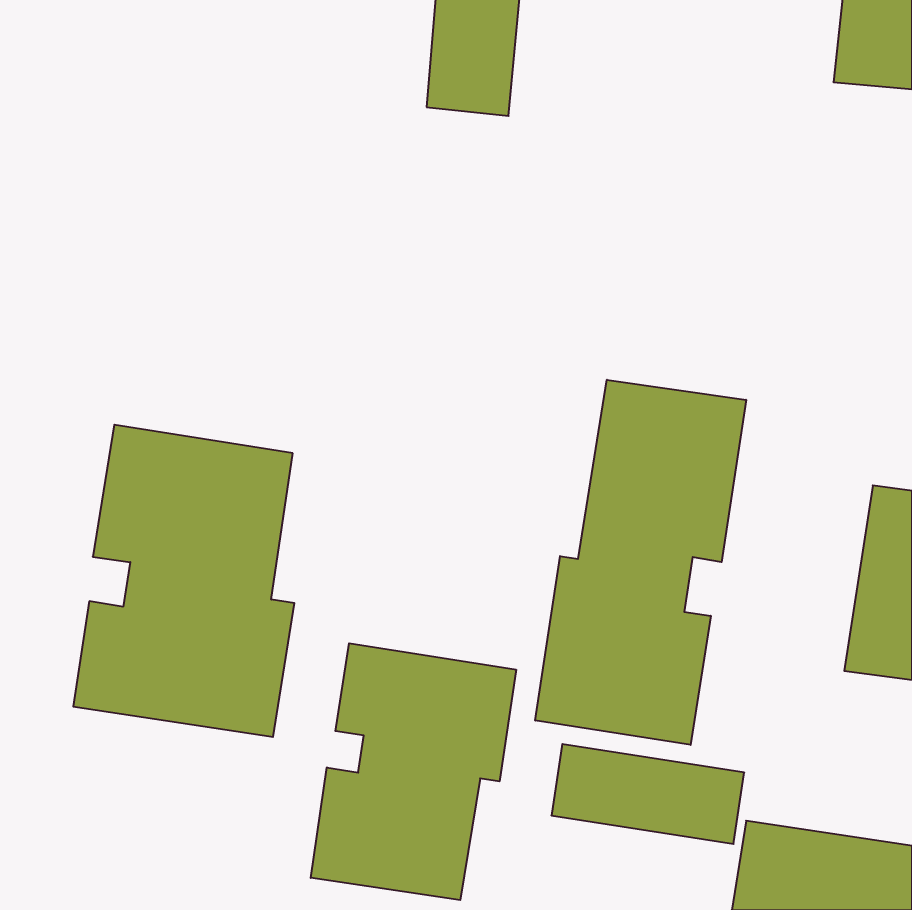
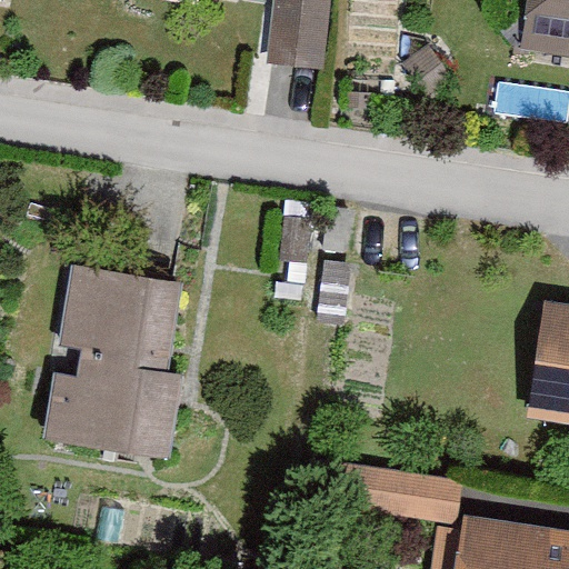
building: [535,380,746,745] -> none
building: [311,643,516,900] -> none

